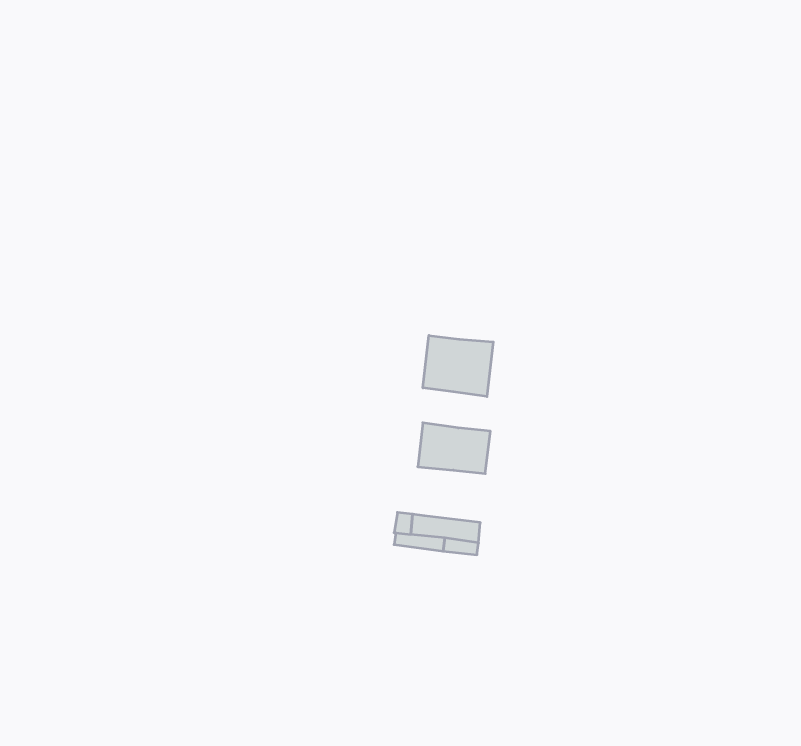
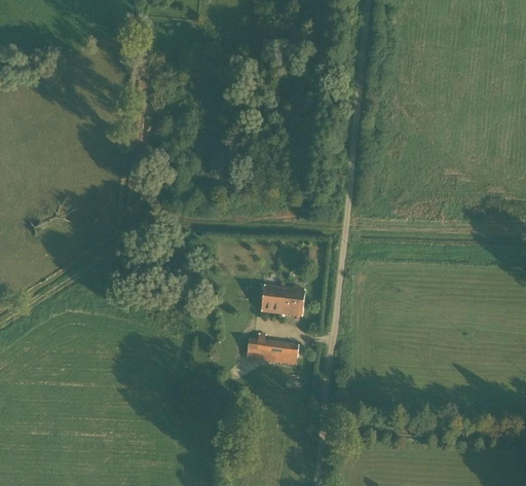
building: [423,335,493,397] -> none

